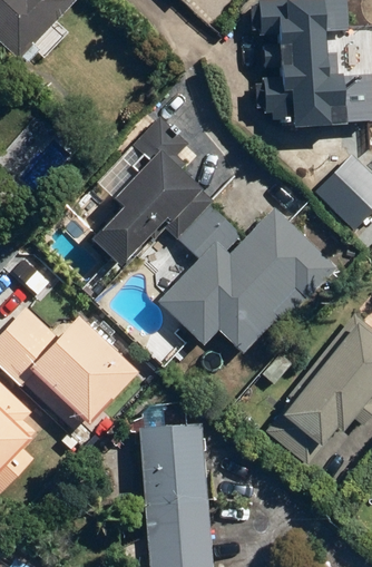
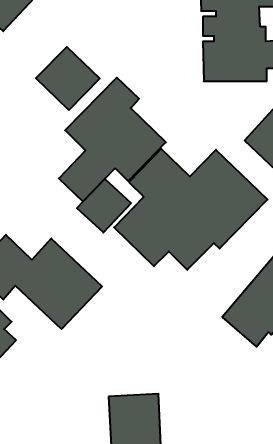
building: none -> [36,47,100,110]
building: none -> [77,179,131,233]
building: [141,403,208,504] -> none

